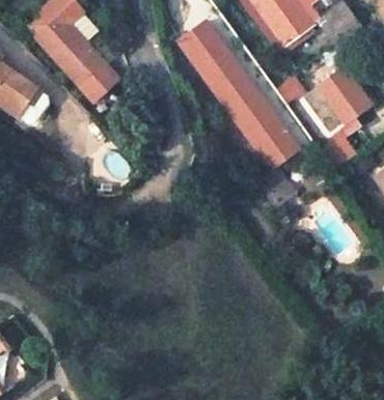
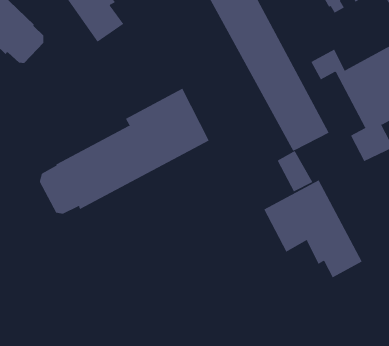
building: none -> [39,88,210,215]
building: none -> [263,179,362,278]

